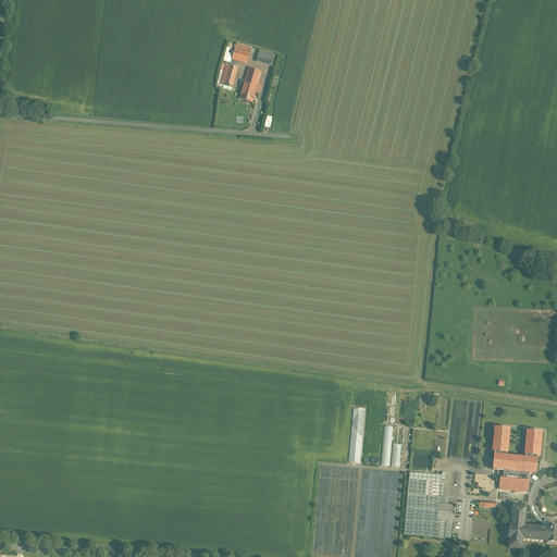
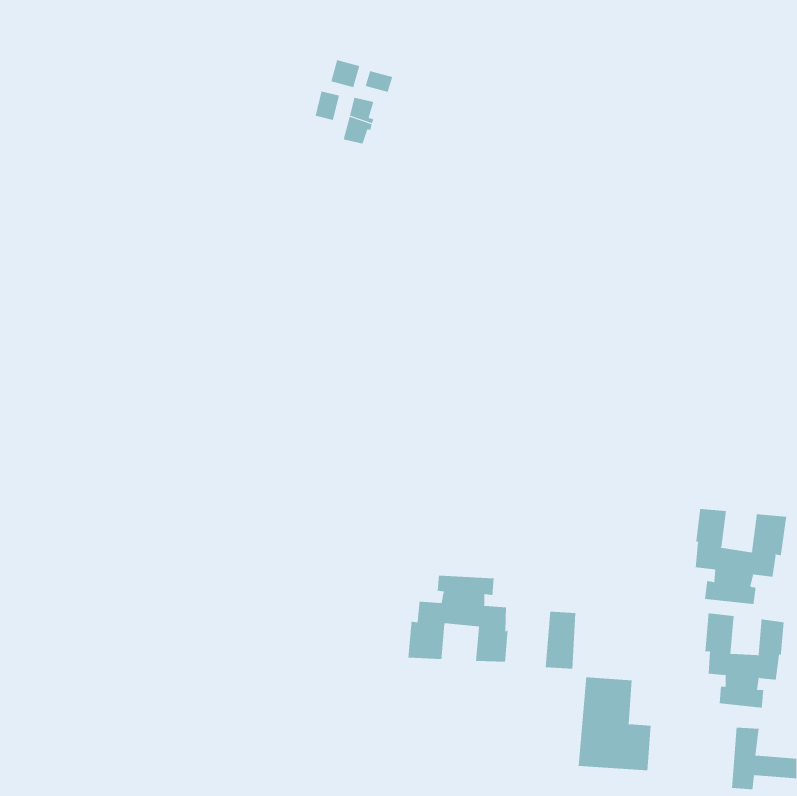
building: none -> [695,508,787,605]
building: none -> [408,575,508,663]

